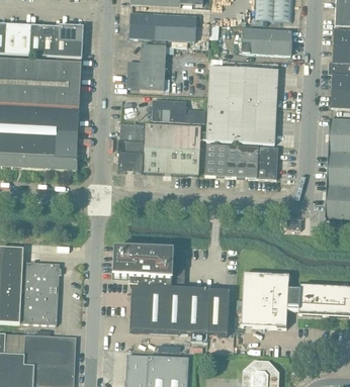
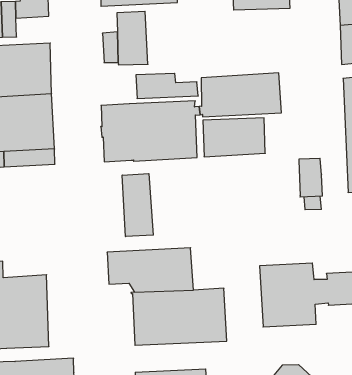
building: [54,40,83,59] -> none
building: [208,66,278,109] -> none
building: [257,146,277,179] -> [299,158,322,197]
building: none -> [122,174,153,237]
building: [208,289,230,335] -> none

